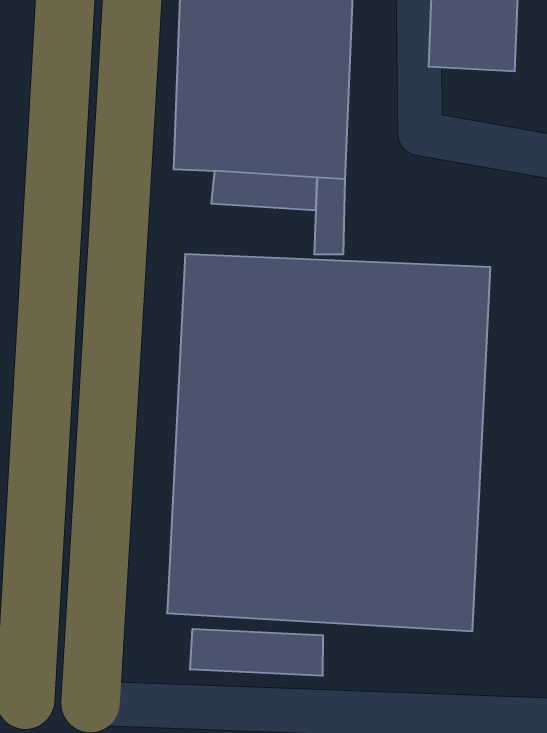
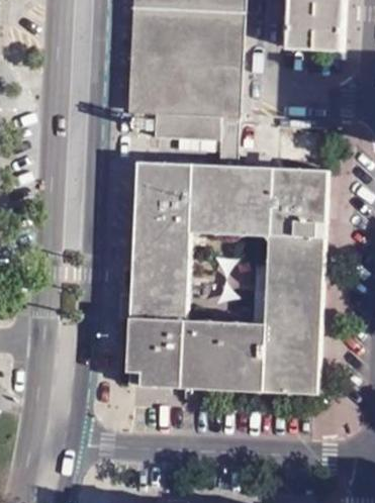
building: [190,629,323,676] -> none

